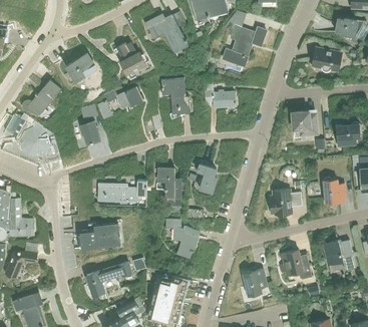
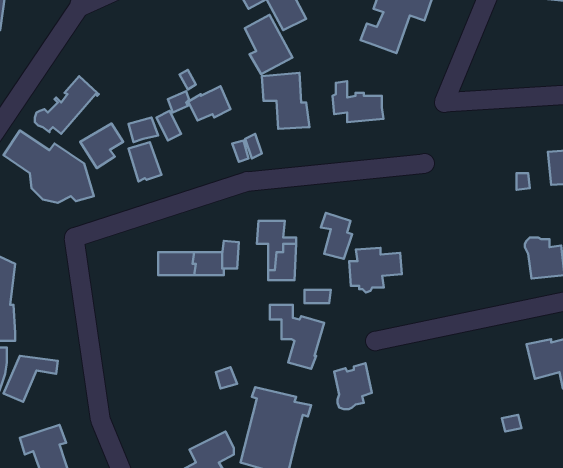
building: [117,38,146,74] -> [245,15,292,74]
building: [312,48,341,71] -> none
building: [66,54,92,81] -> [80,124,123,168]
building: [292,110,317,134] -> none
building: [270,189,302,216] -> [349,248,402,292]
building: [9,199,33,236] -> none
building: [78,224,120,248] -> none
building: [280,249,313,282] -> none
building: [87,262,132,295] -> none
building: [244,268,267,296] -> [334,363,372,409]

